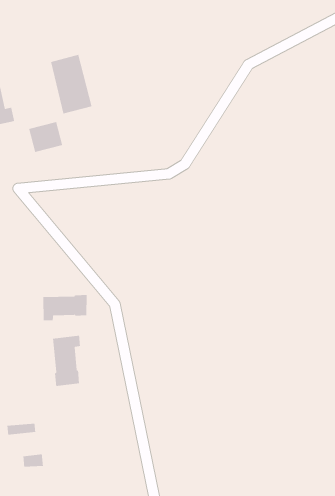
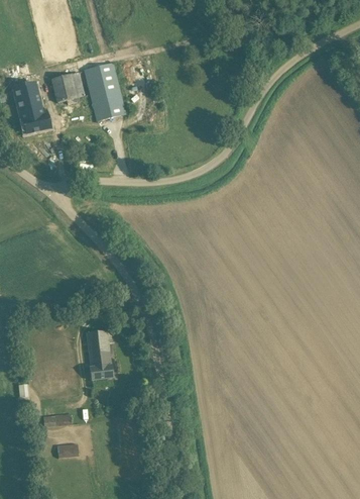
building: [28,121,63,153] -> [50,71,84,101]
building: [43,294,87,321] -> none

